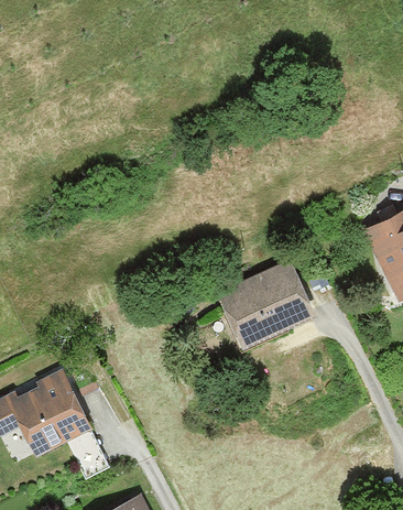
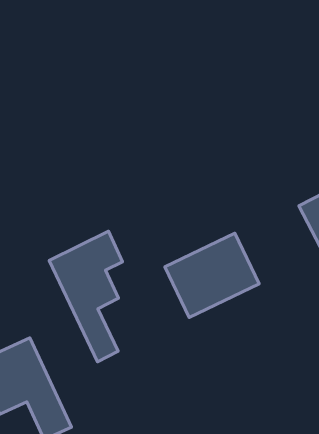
building: none -> [49,231,123,362]

